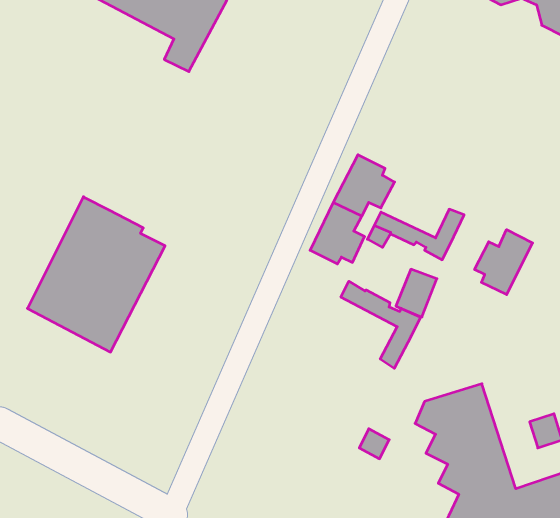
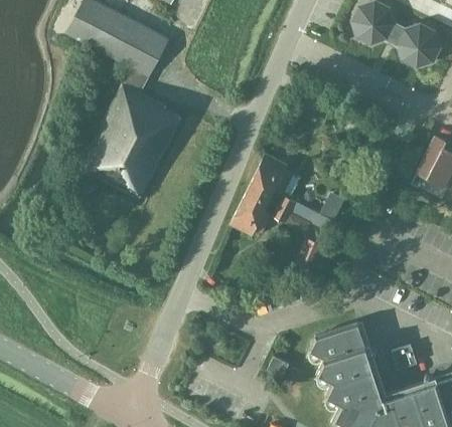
building: [27,197,165,352] -> [80,82,181,197]
building: [475,230,533,295] -> none
building: [341,281,421,368] -> none

